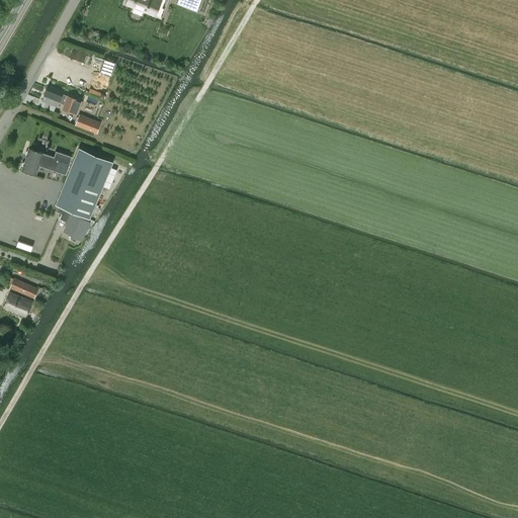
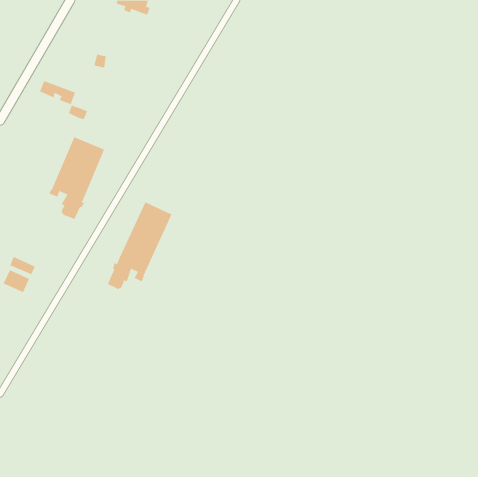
building: [22,149,71,174] -> none
building: none -> [107,201,172,290]

